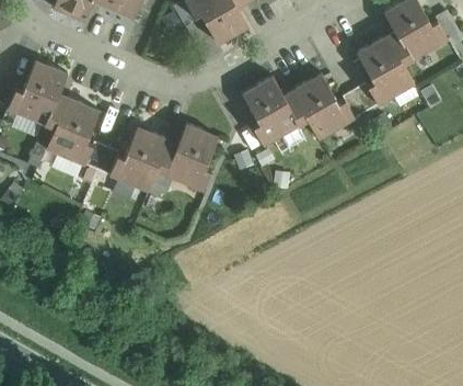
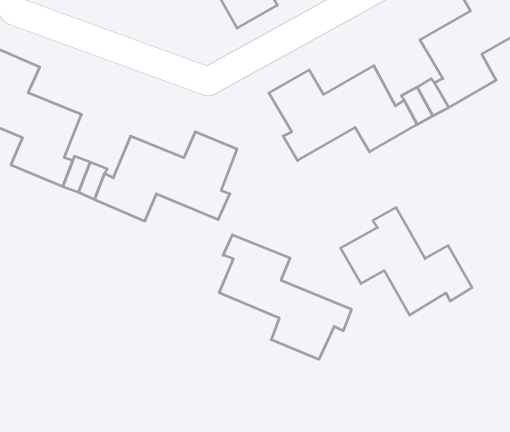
building: none -> [341,208,472,315]
building: none -> [219,235,351,359]

